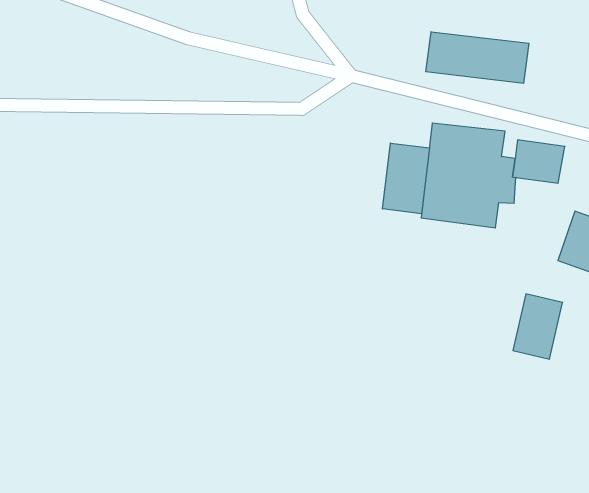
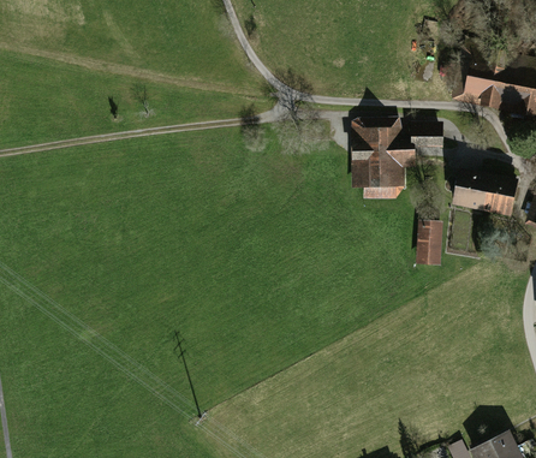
building: [426,32,529,83] -> none
building: [383,143,429,214] -> none

